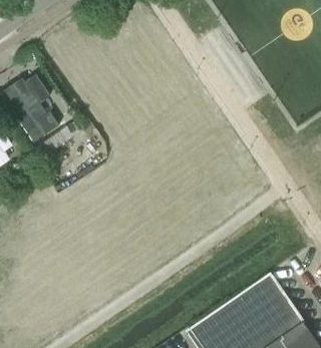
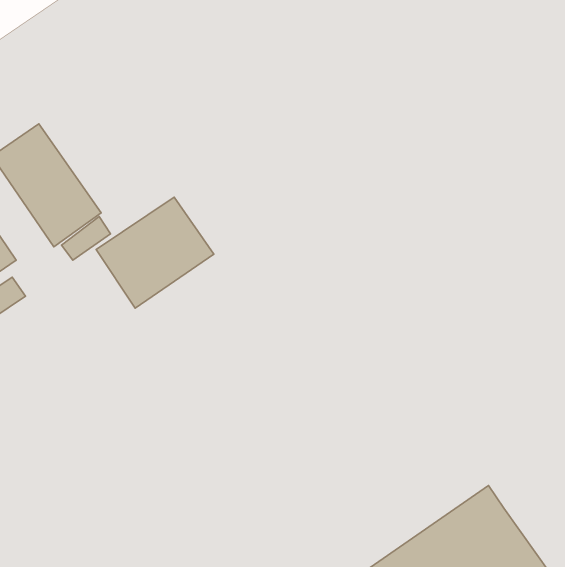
building: none -> [96,197,214,308]

